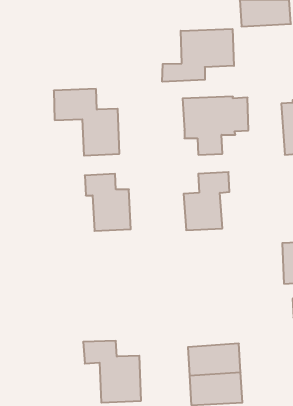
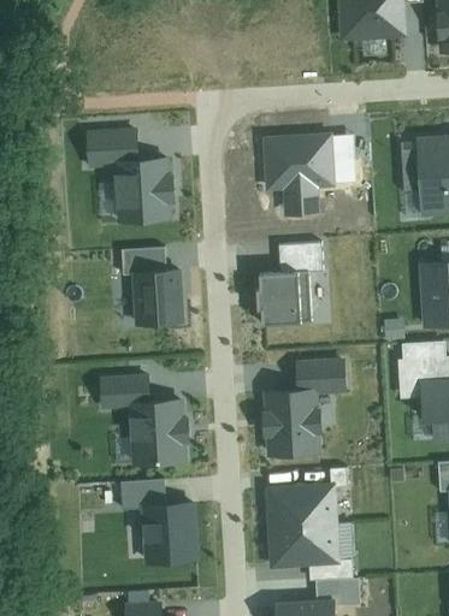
building: [162,29,234,82] -> none
building: none -> [264,357,349,455]
building: none -> [100,374,189,463]

